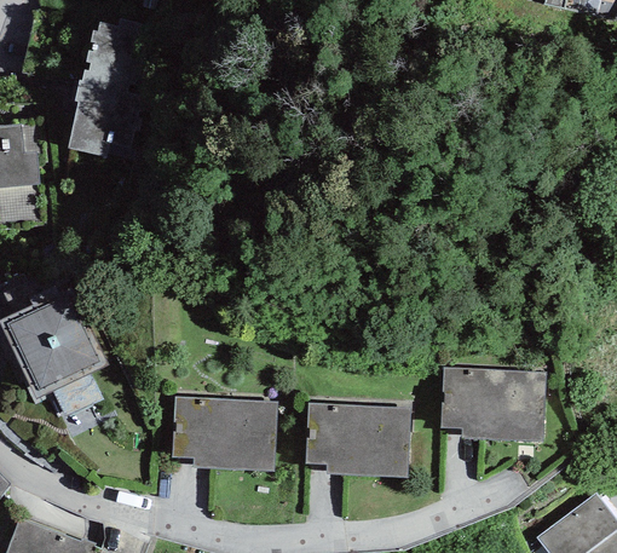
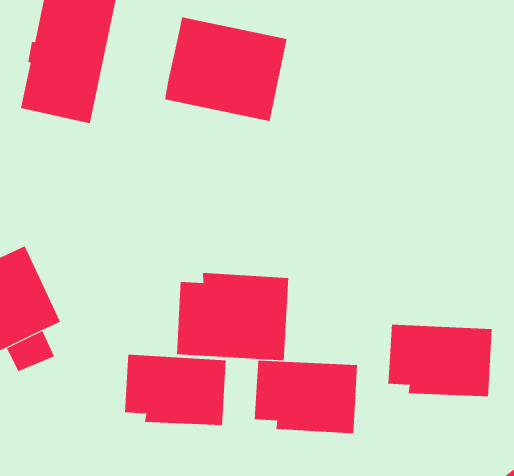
building: none -> [165,17,287,122]
building: none -> [176,272,289,361]

